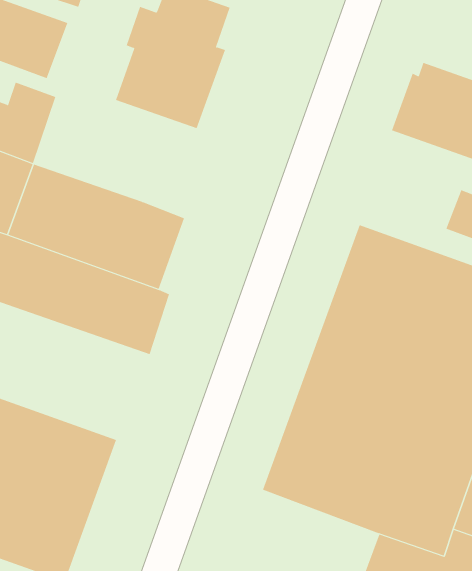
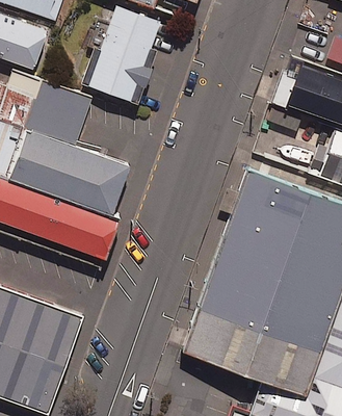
building: none -> [25,81,101,153]

